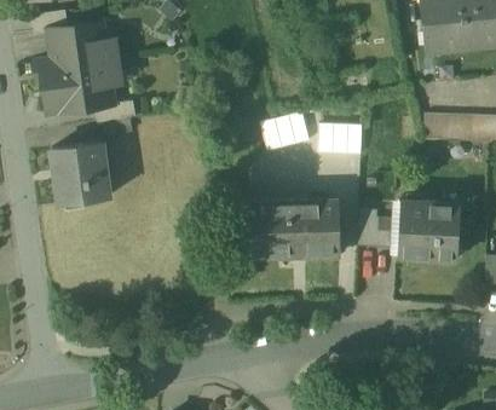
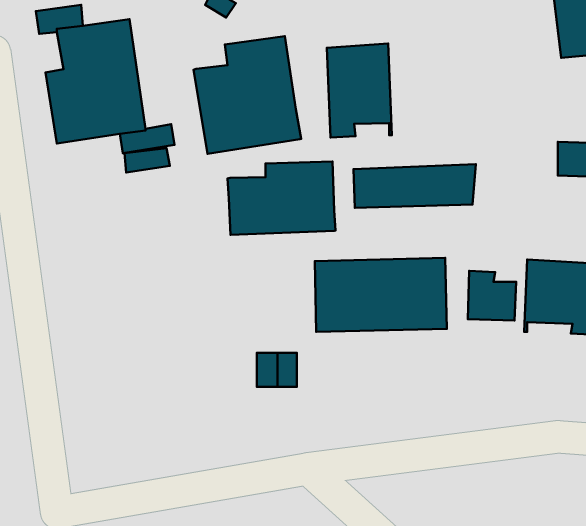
building: none -> [193,36,301,154]
building: none -> [327,44,392,137]
building: none -> [227,161,335,235]
building: [52,142,111,206] -> none

